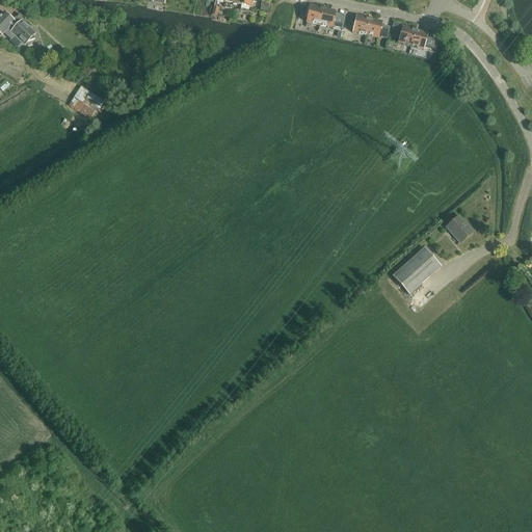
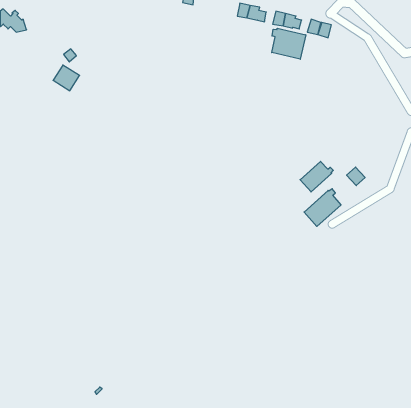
building: none -> [272,28,306,59]
building: none -> [300,161,333,192]

